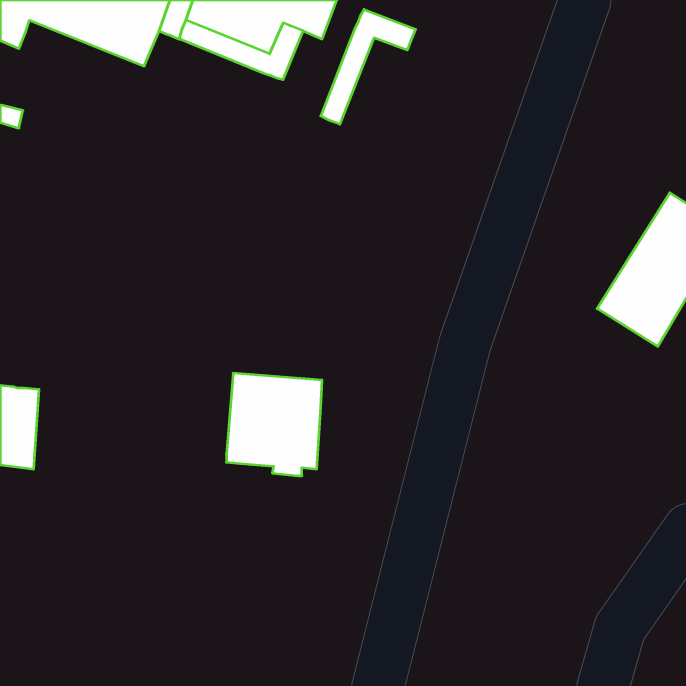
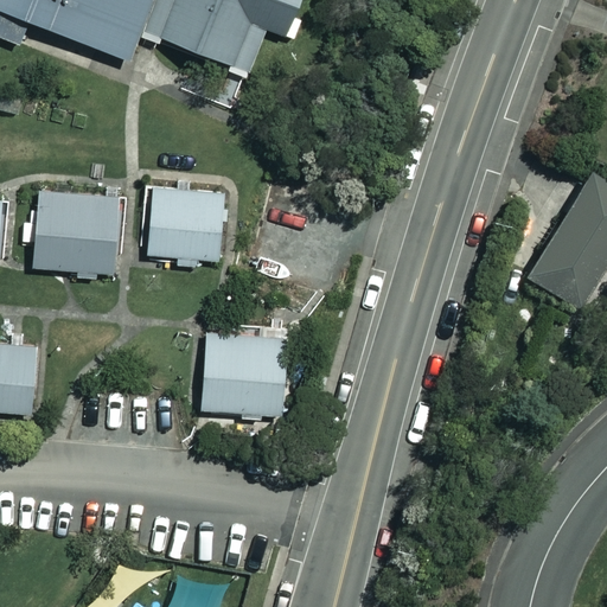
building: [321,9,416,124] -> none
building: none -> [147,187,225,267]
building: none -> [32,190,120,279]

